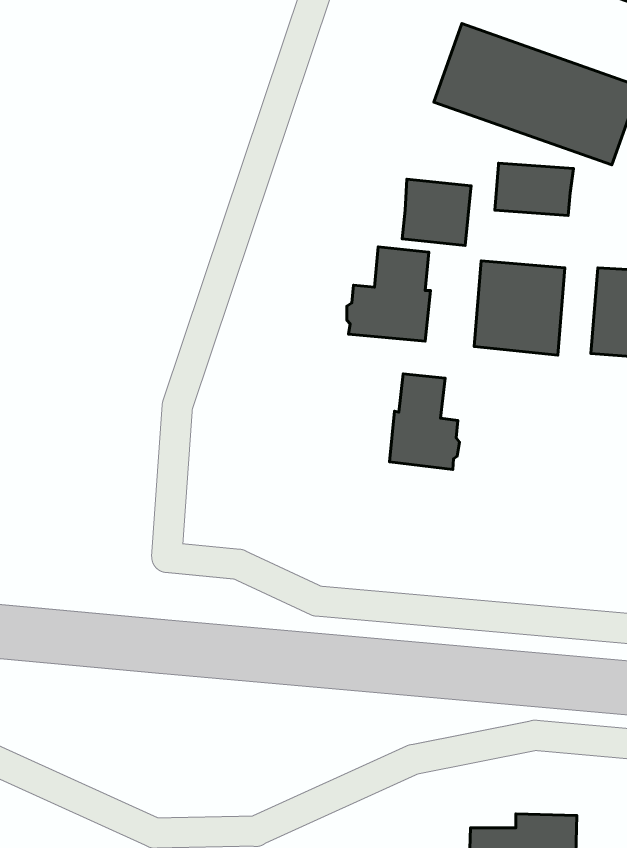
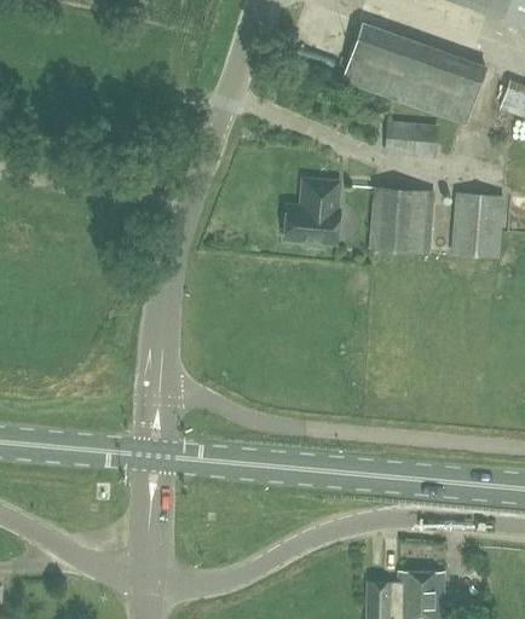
building: [402,179,471,245] -> none
building: [389,374,460,469] -> none

